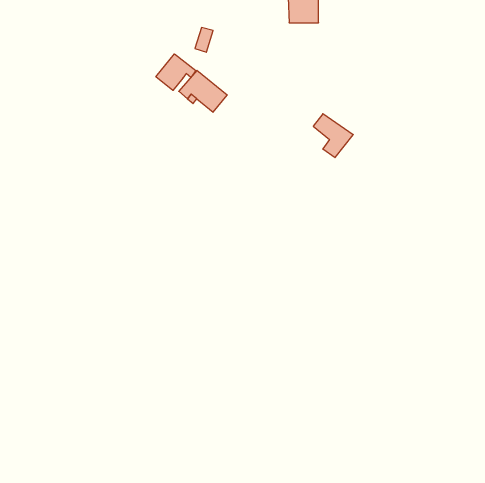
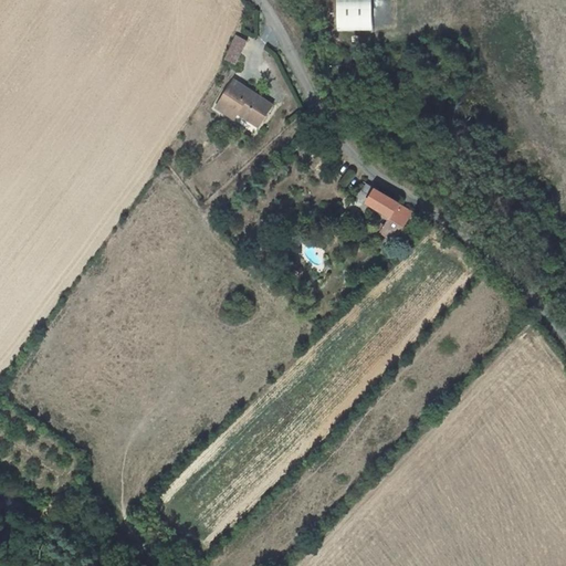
building: [156,54,196,90] -> none
building: [313,114,353,158] -> [366,187,412,238]

